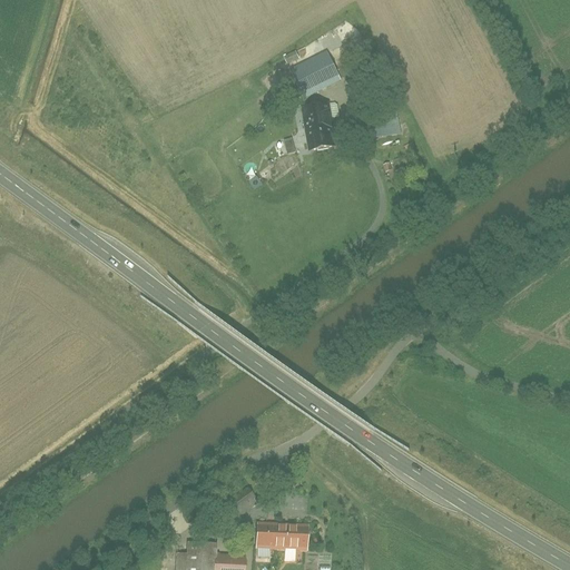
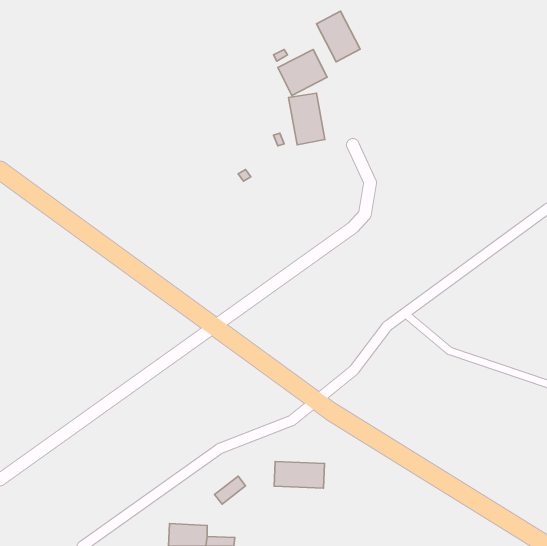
building: none -> [317,11,360,62]
building: [254,522,306,550] -> [274,462,325,488]

